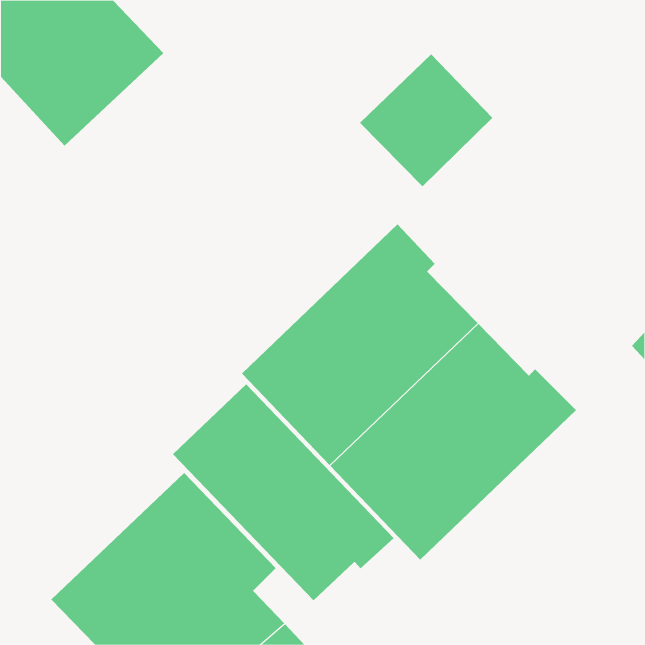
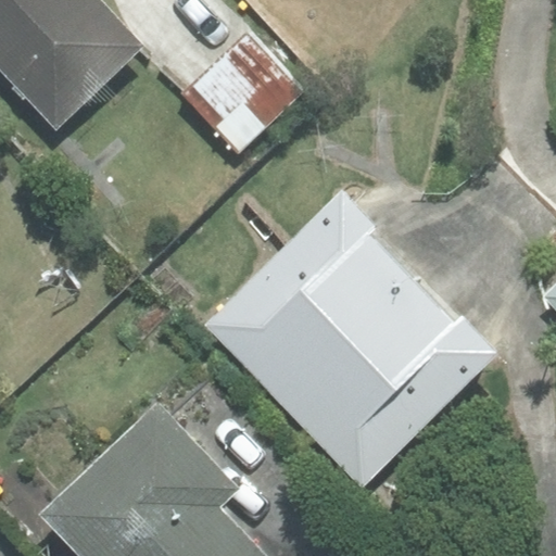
building: [359,53,493,187] -> [186,35,301,150]
building: [172,383,394,601] -> none

